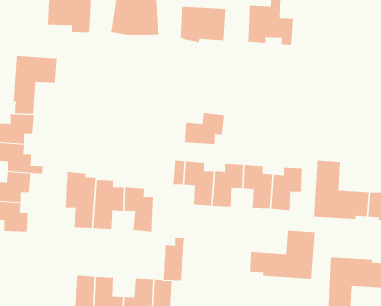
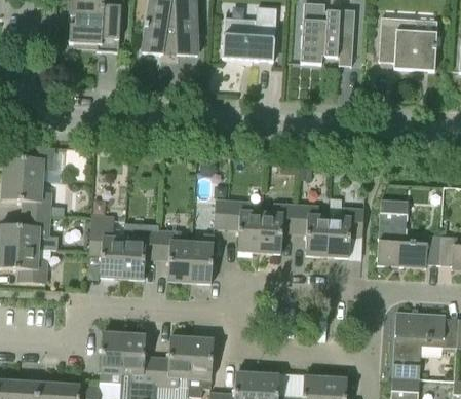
building: none -> [378,20,436,70]
building: [13,55,57,115] -> none
building: [185,112,224,145] -> none
building: [250,230,315,280] -> none
building: [163,237,184,281] -> [190,232,215,283]

